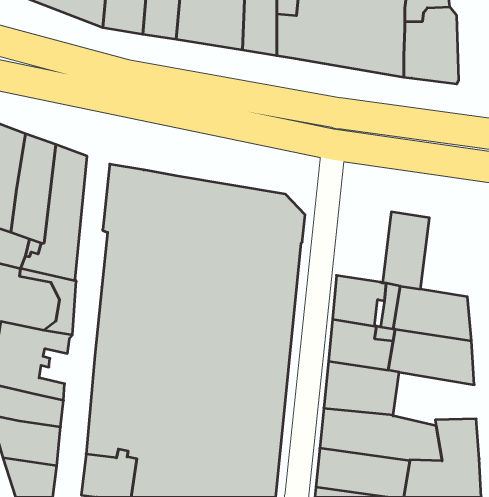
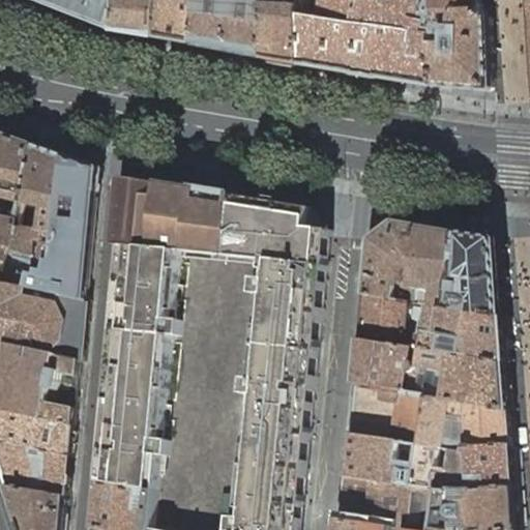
building: none -> [356,219,414,300]
building: none -> [445,231,495,315]
building: none -> [416,394,504,451]

